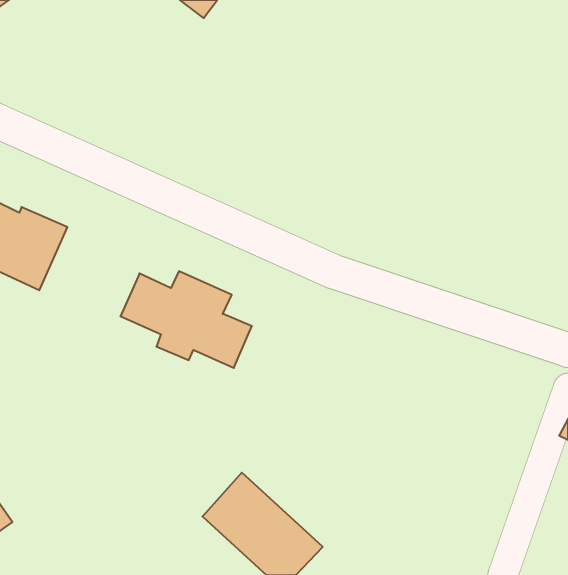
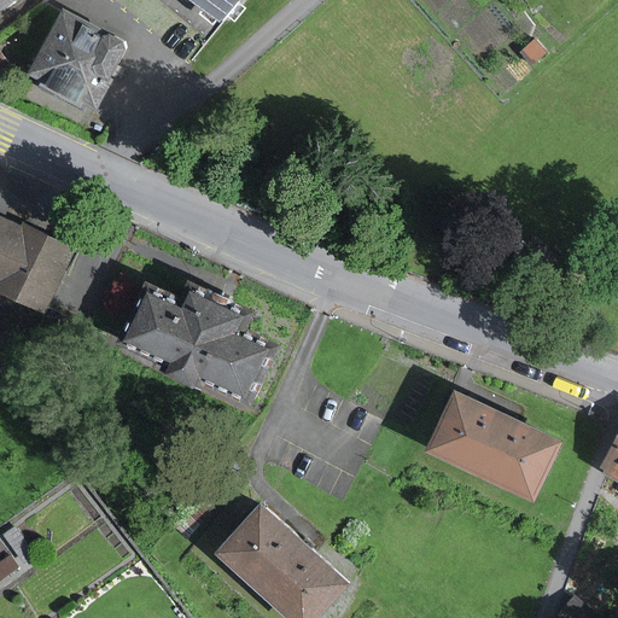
building: none -> [24,14,128,115]
building: none -> [426,392,555,496]

